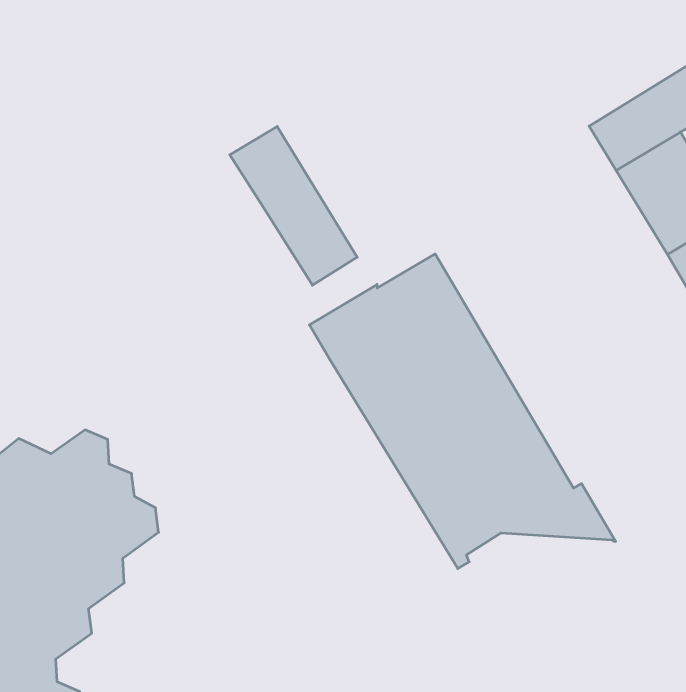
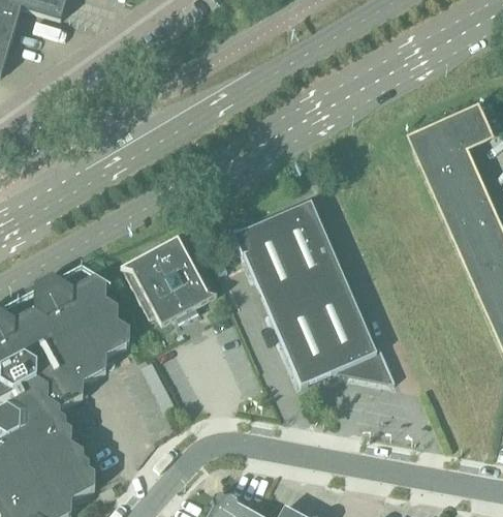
building: [230,126,357,285] -> none
building: none -> [121,237,217,326]

